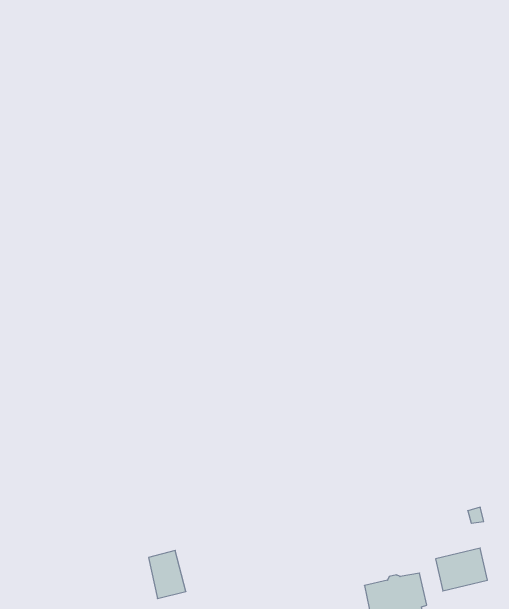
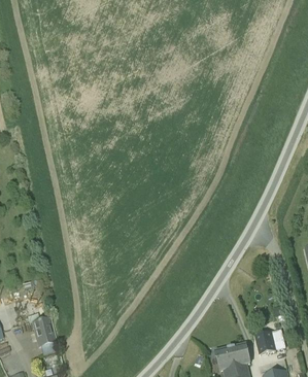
building: [149,550,186,599] -> [33,318,55,346]

